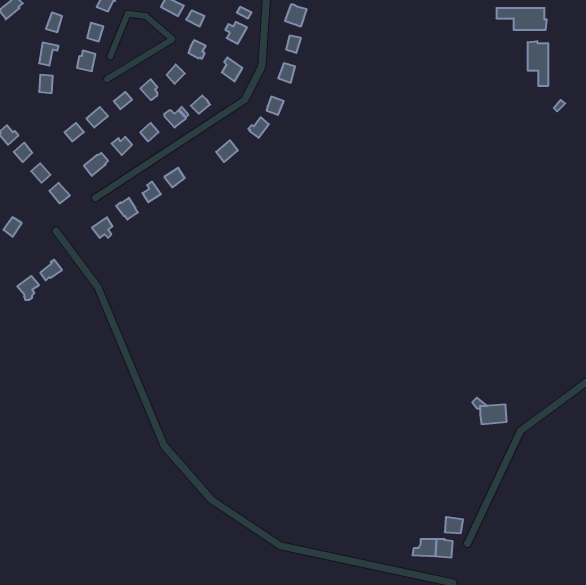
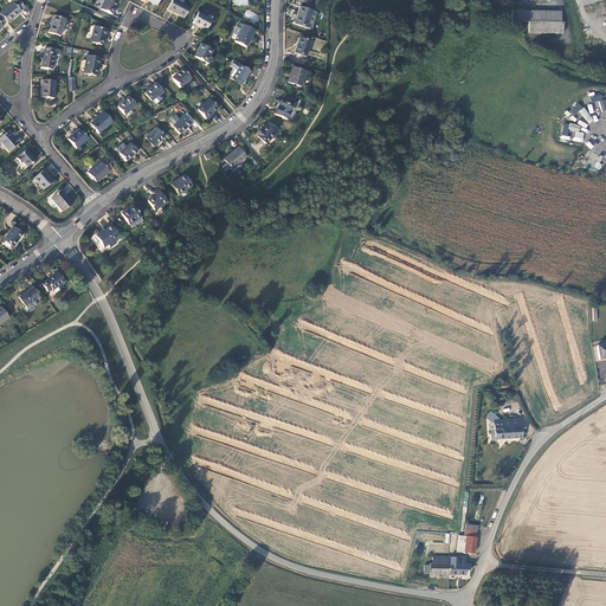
building: [528,41,548,86] -> none

